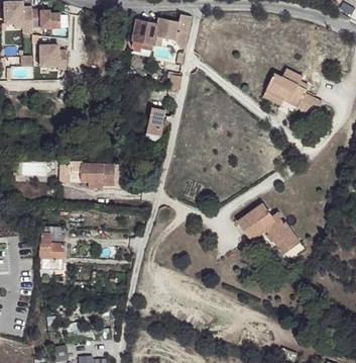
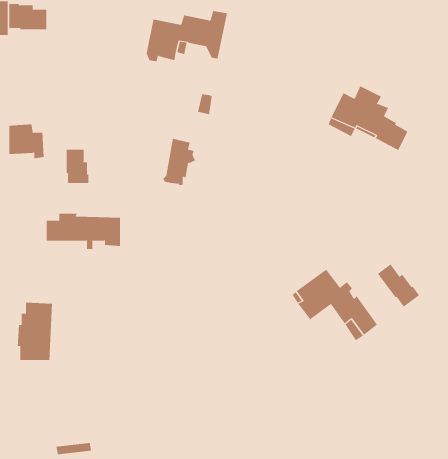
building: [39,43,66,69] -> [8,124,45,159]
building: none -> [66,149,89,184]
building: none -> [377,264,420,308]

